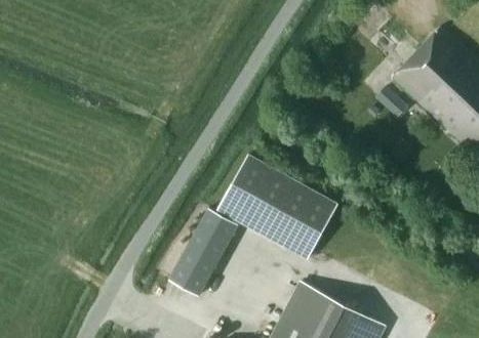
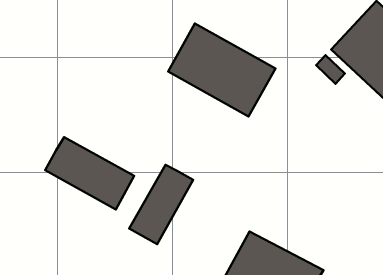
building: [218,155,337,258] -> [168,23,275,117]
building: none -> [45,137,134,209]

